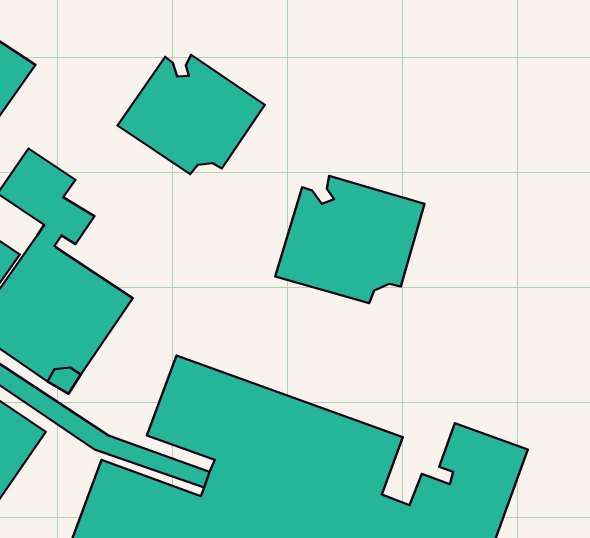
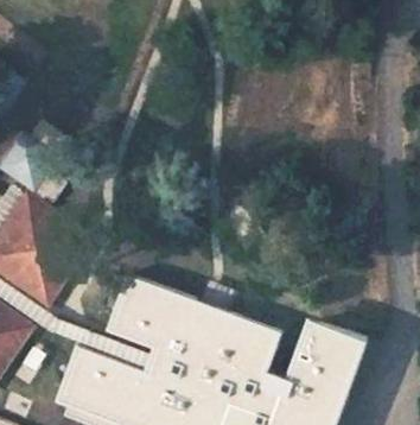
building: [117,55,265,174] -> none
building: [275,176,425,303] -> none

